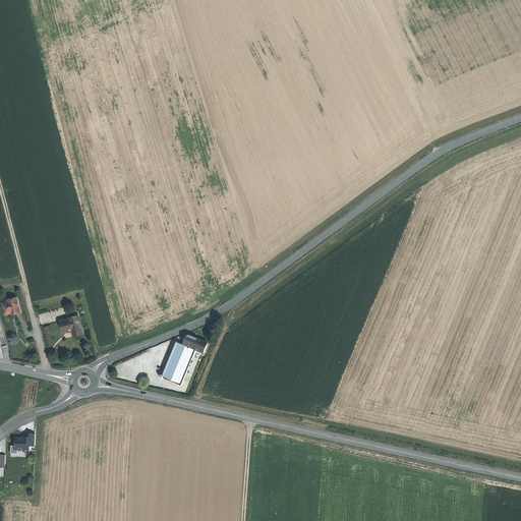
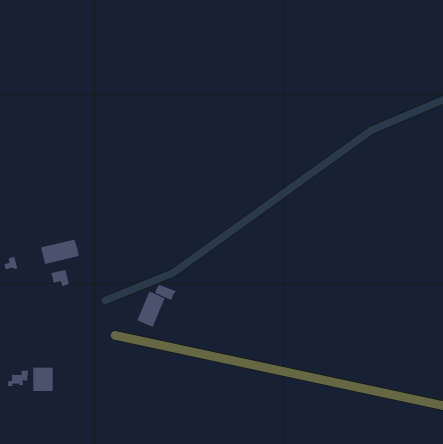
building: none -> [40,239,79,265]
building: none -> [33,367,53,392]

